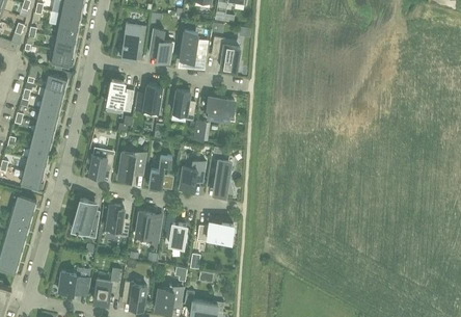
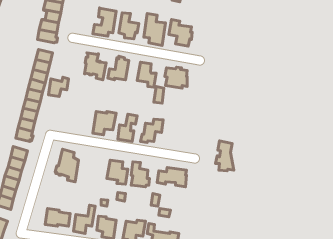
building: [88,154,113,178] -> [48,77,69,96]
building: [210,159,233,196] -> [215,141,234,171]
building: [105,205,129,238] -> none

